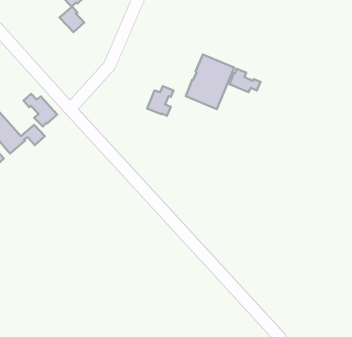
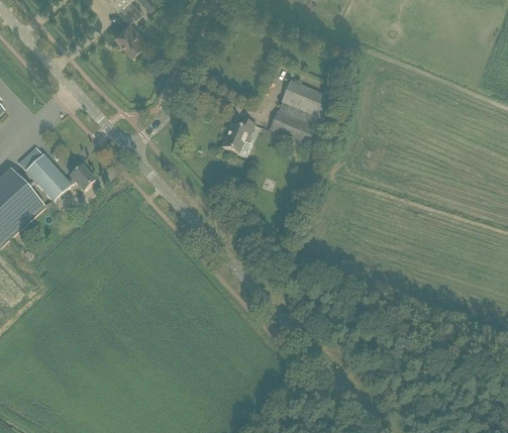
building: [229,69,261,92] -> none
building: [23,94,57,127] -> none

